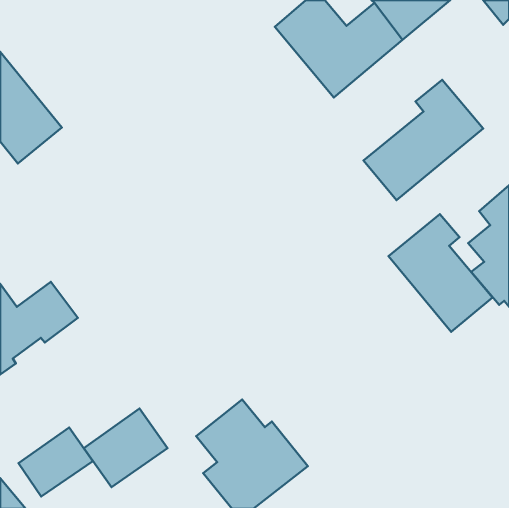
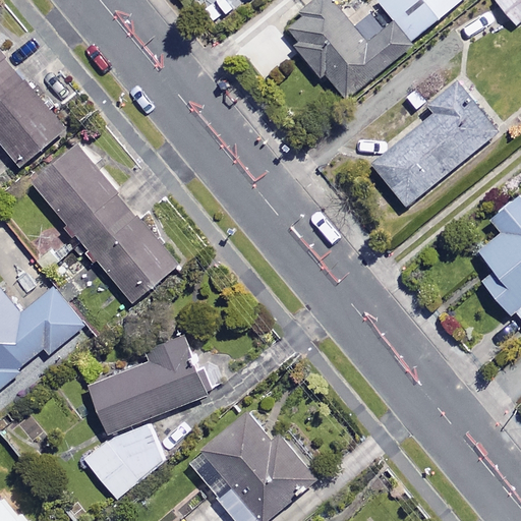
building: none -> [31,146,178,303]
building: [389,214,493,332] -> none
building: none -> [86,335,205,432]
building: [19,428,93,497] -> none

